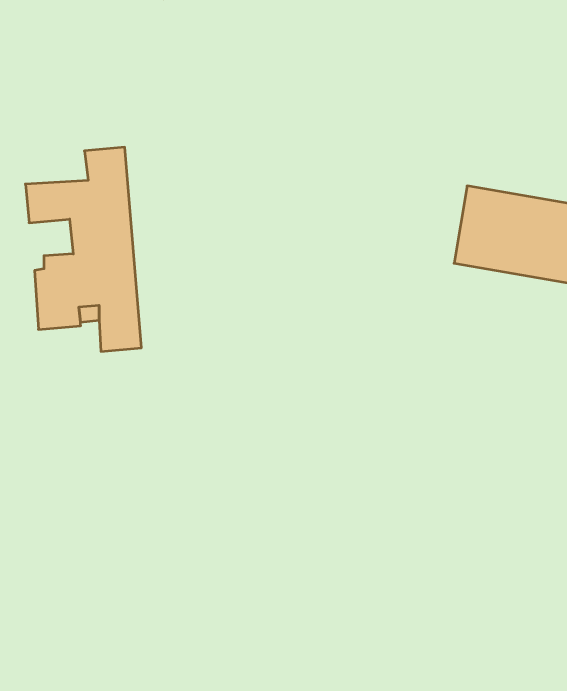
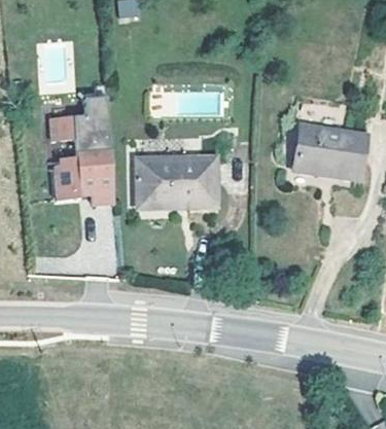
building: none -> [135,156,211,204]

